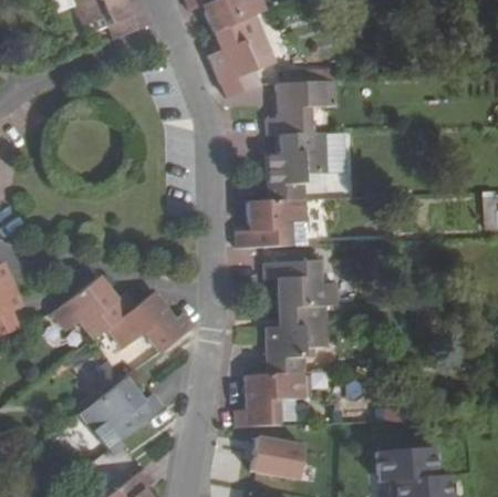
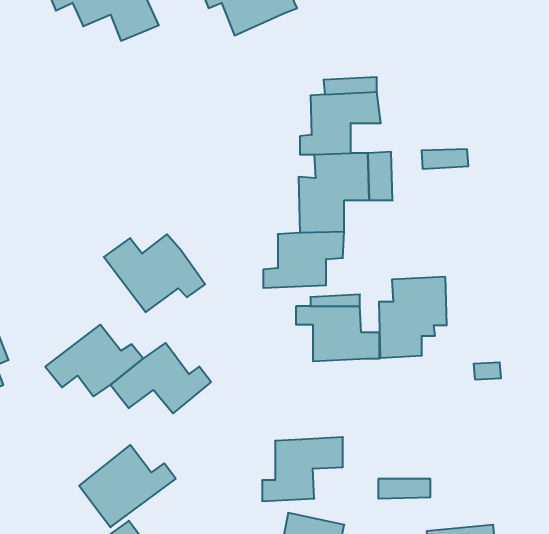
building: [209,14,270,99] -> none
building: none -> [104,234,205,312]
building: [268,307,325,375] -> [379,277,447,358]

